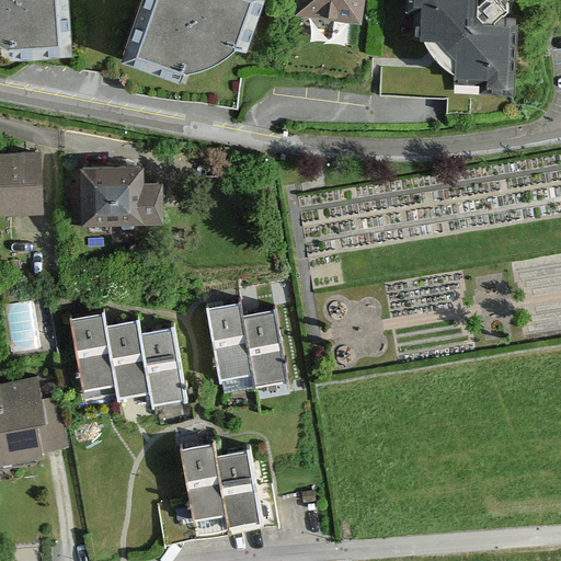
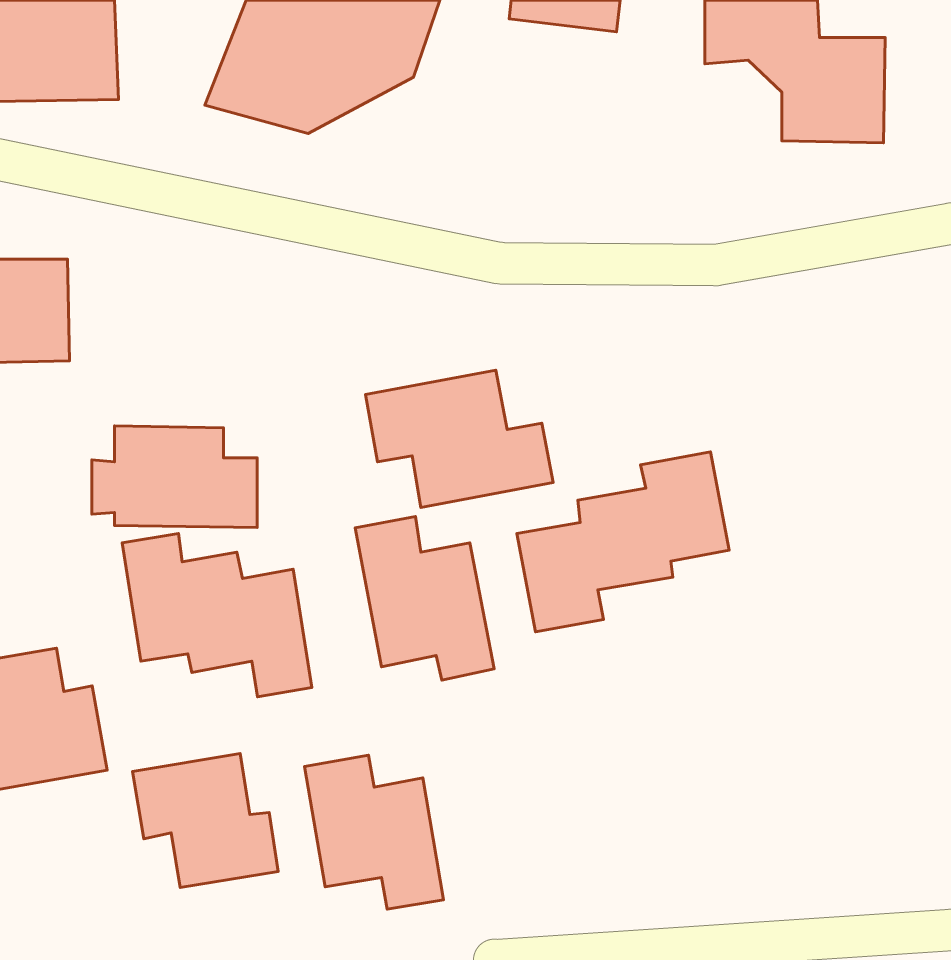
building: [66,165,162,225] -> [92,426,257,527]
building: none -> [365,370,553,508]
building: none -> [517,452,729,632]
building: none -> [132,753,278,887]

